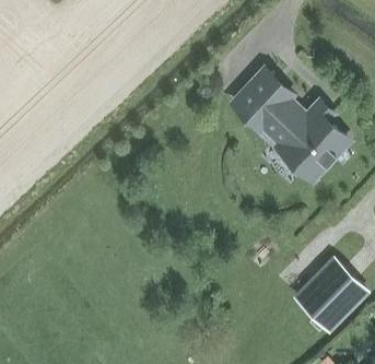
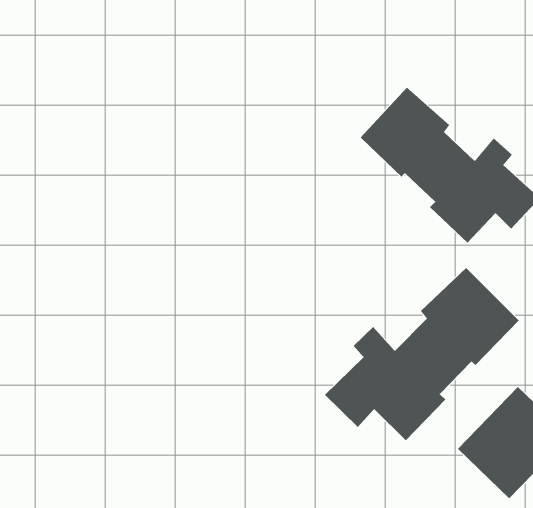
building: none -> [324,267,520,441]

